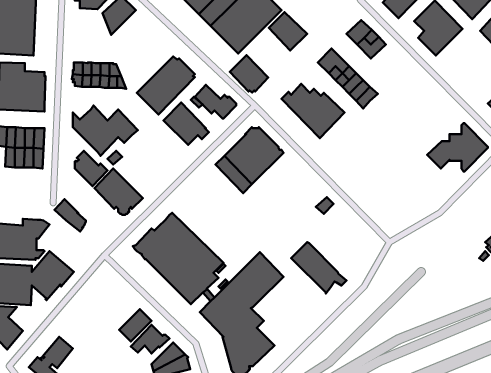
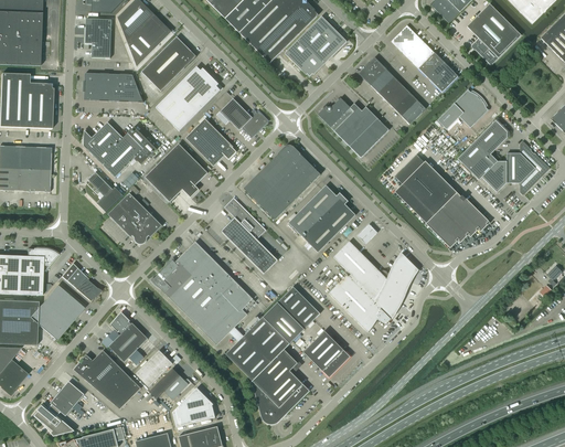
building: none -> [127,14,172,66]
building: none -> [86,19,111,58]
building: none -> [141,36,196,92]
building: none -> [418,53,458,92]
building: [230,55,268,92] -> [285,34,328,76]
building: none -> [437,89,488,129]
building: none -> [457,120,507,180]
building: none -> [145,143,207,202]
building: none -> [394,155,489,246]
building: none -> [288,185,355,252]
building: none -> [222,198,277,273]
building: [55,199,86,231] -> [62,264,97,300]
building: none -> [333,241,417,316]
building: none -> [108,311,148,362]
building: none -> [303,330,350,377]
building: none -> [74,350,141,408]

